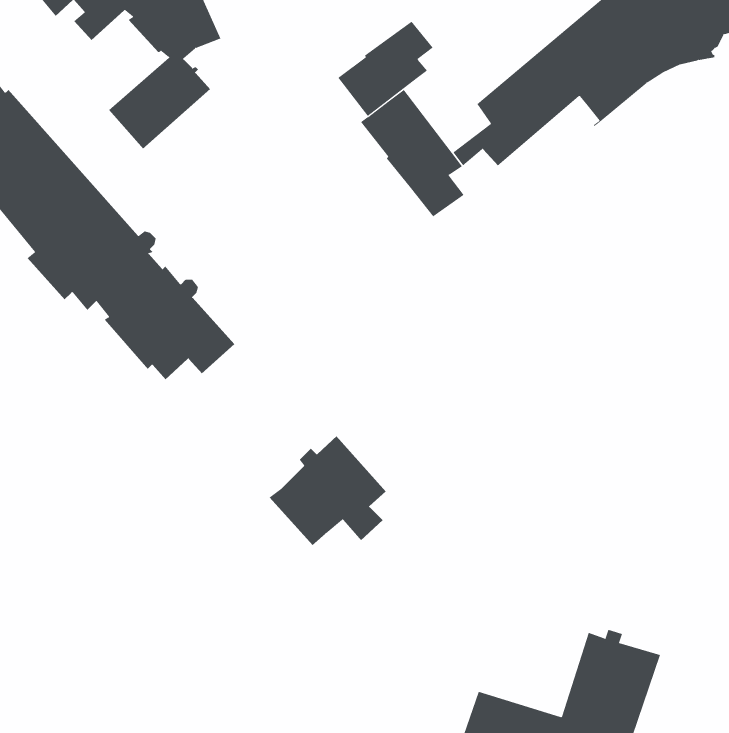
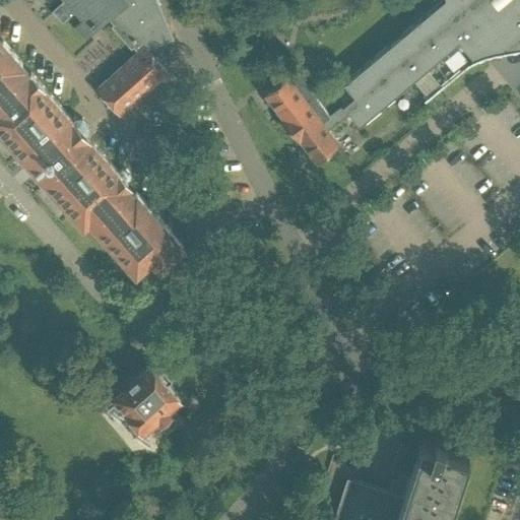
building: [337,21,434,117] -> none
building: [269,436,386,546] -> [104,366,183,440]

